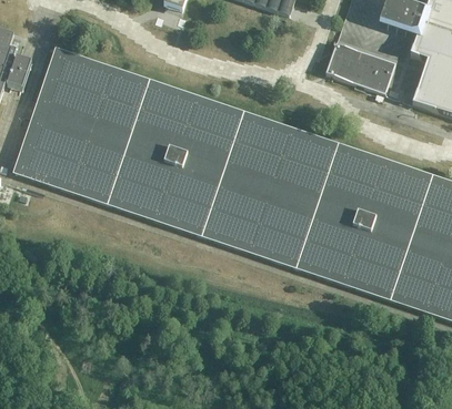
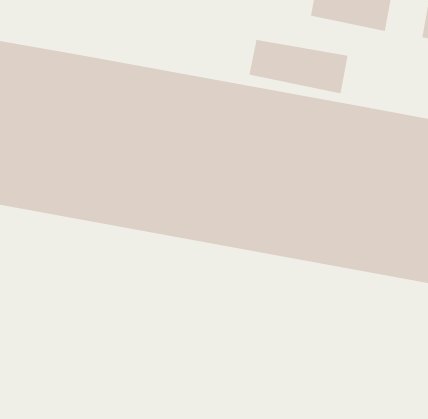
building: none -> [249,39,348,94]

